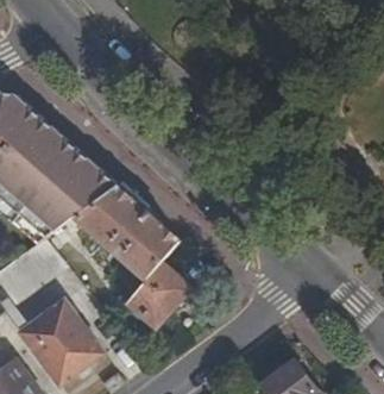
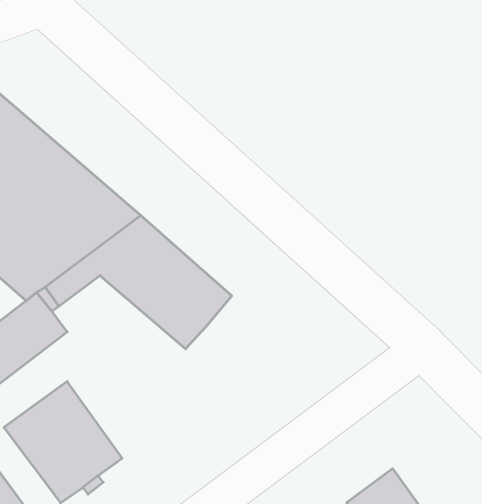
building: [127,261,190,323] -> none

